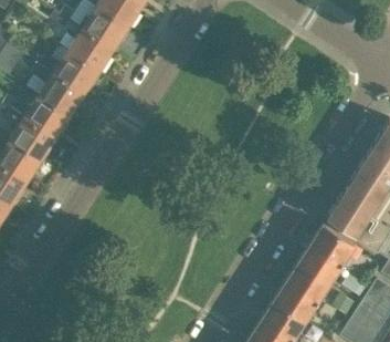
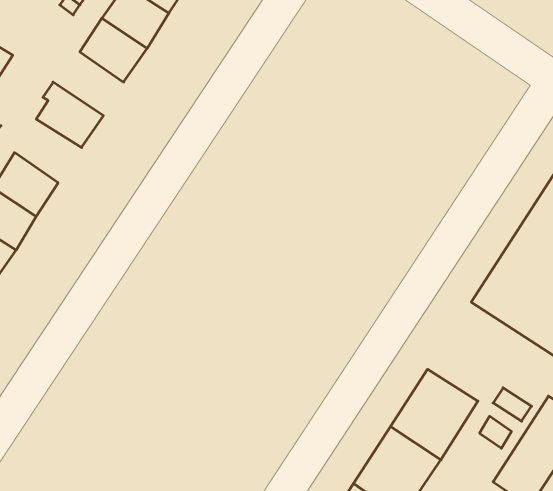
building: [30,50,96,93] -> none
building: [24,95,68,137] -> none
building: [296,221,355,281] -> none

